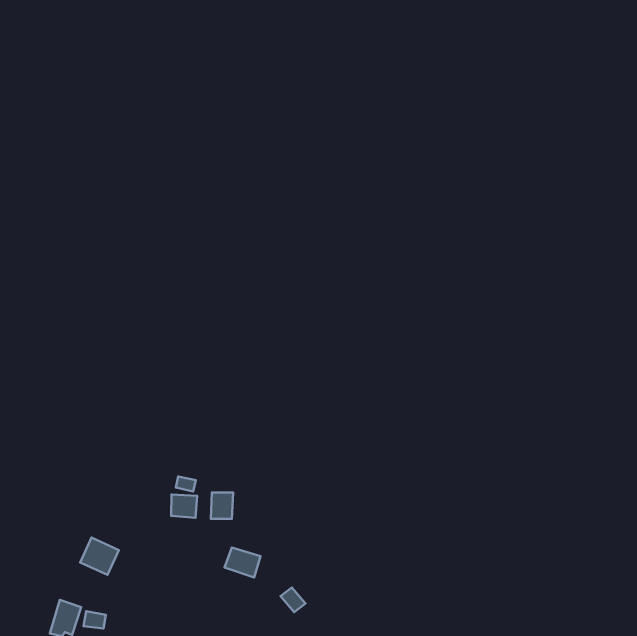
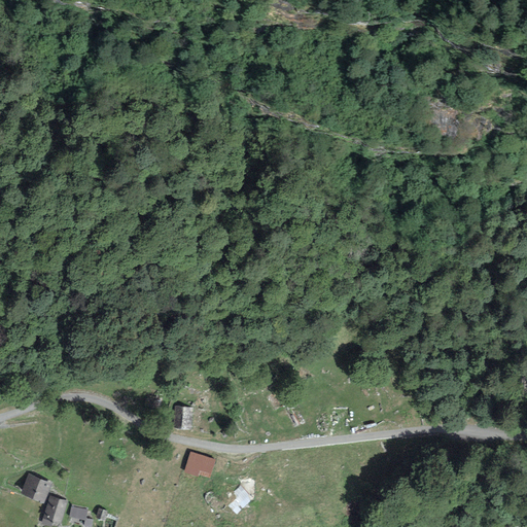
building: [171,495,197,518] -> none
building: [80,538,119,575] -> [20,472,51,503]

